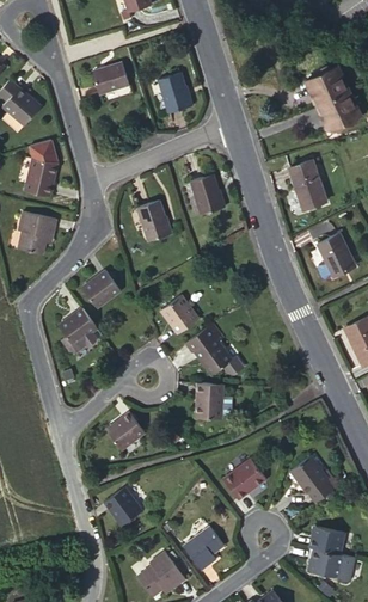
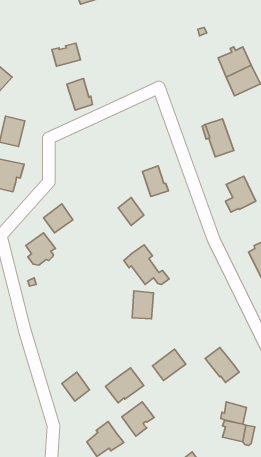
building: [159,72,192,112] -> [67,79,93,110]
building: [191,173,225,213] -> [143,166,168,196]
building: [137,201,170,240] -> none
building: [162,296,196,332] -> [118,198,144,225]
building: [106,412,143,449] -> none
building: none -> [105,368,144,403]

